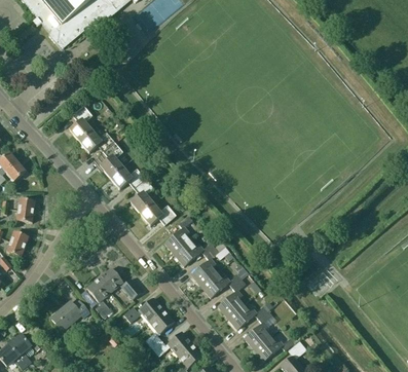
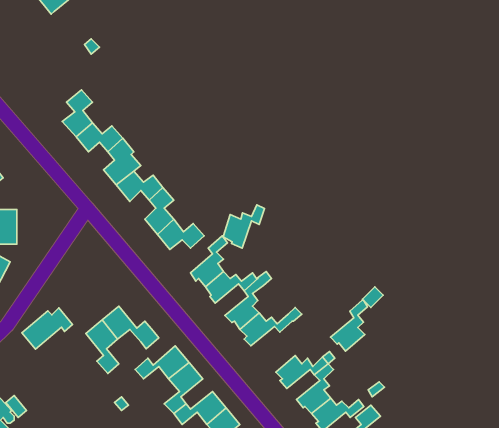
building: none -> [223,205,264,248]
building: [217,278,245,317] -> [330,300,368,351]
building: [50,299,88,330] -> [22,308,73,349]

